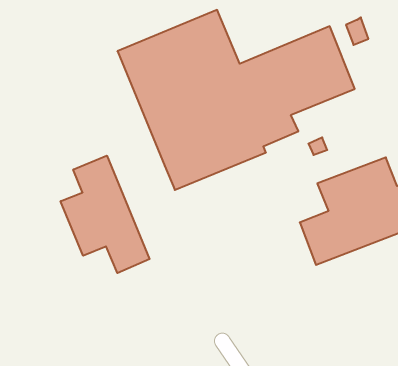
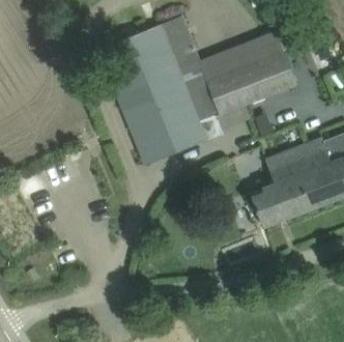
building: [61,156,150,273] -> none

